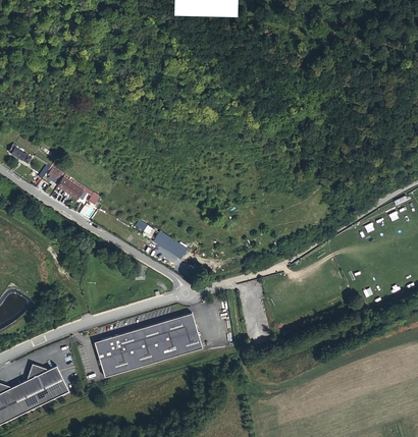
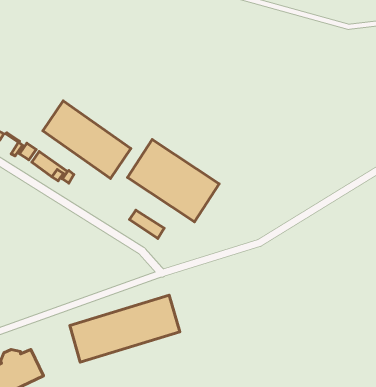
building: none -> [43,101,131,179]
building: none -> [128,139,219,222]

